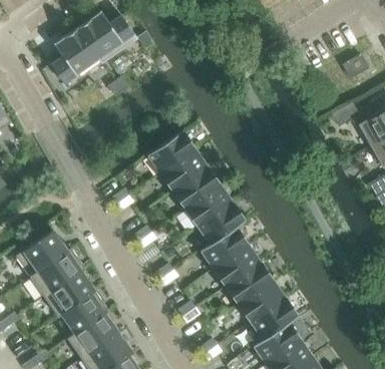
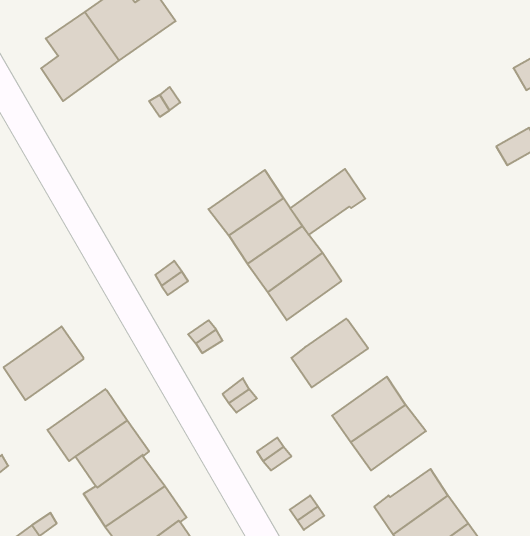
building: [197,201,245,243] -> [290,169,365,235]
building: [213,244,261,287] -> none
building: [29,247,85,296] -> none
building: [251,297,298,339] -> none

